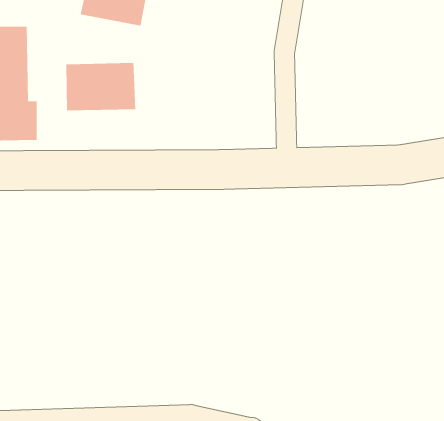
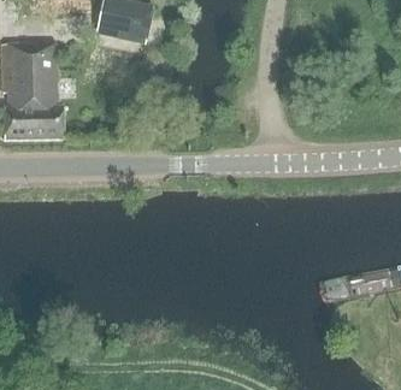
building: [66,62,136,111] -> none

